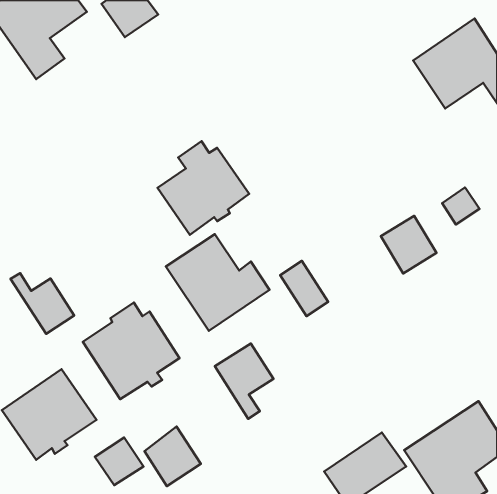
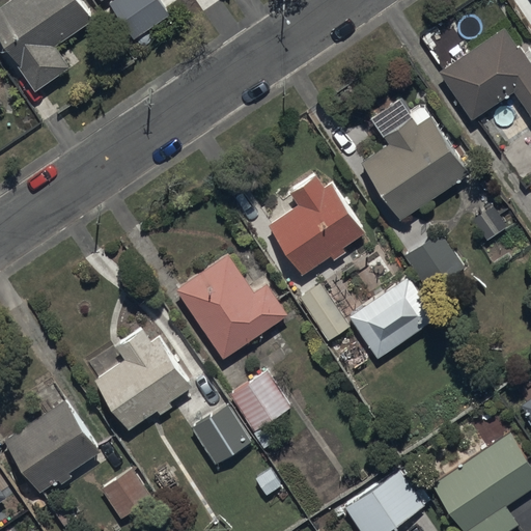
building: none -> [361,104,470,220]
building: [158,141,249,235] -> [268,175,365,275]
building: none -> [347,277,436,359]
building: [11,273,74,334] -> none
building: [144,427,201,486] -> [191,401,251,465]

